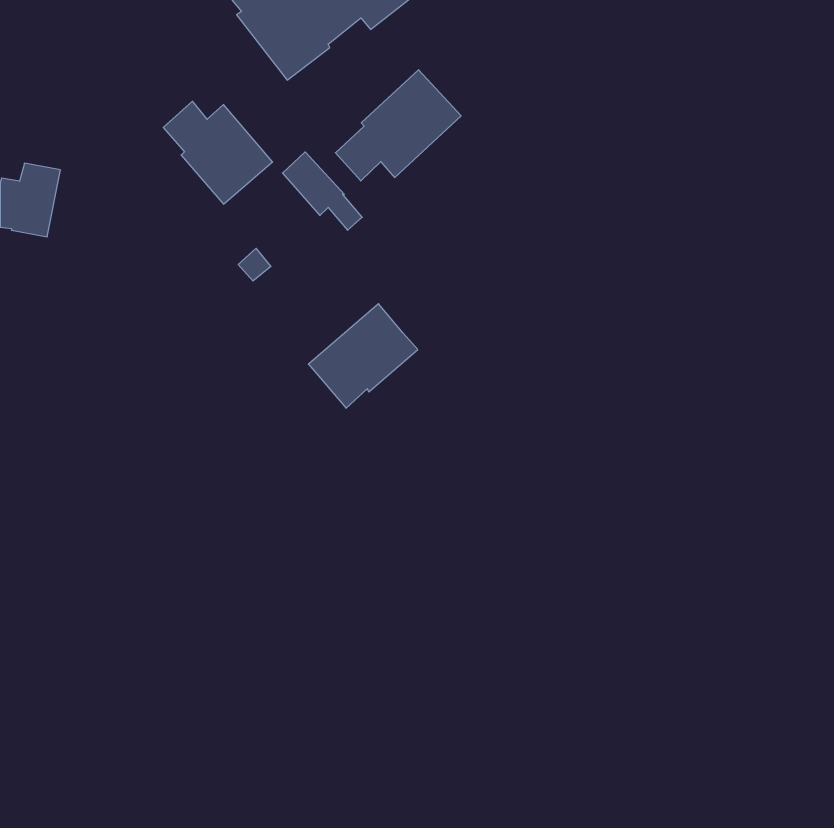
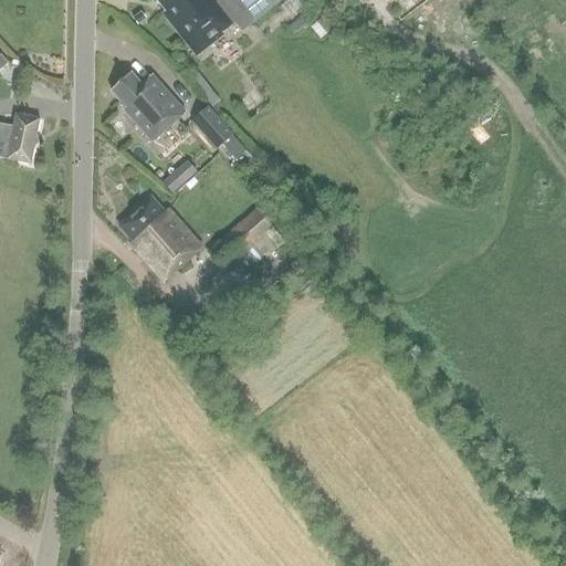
building: [335,70,461,181] -> none
building: none -> [118,193,201,277]

